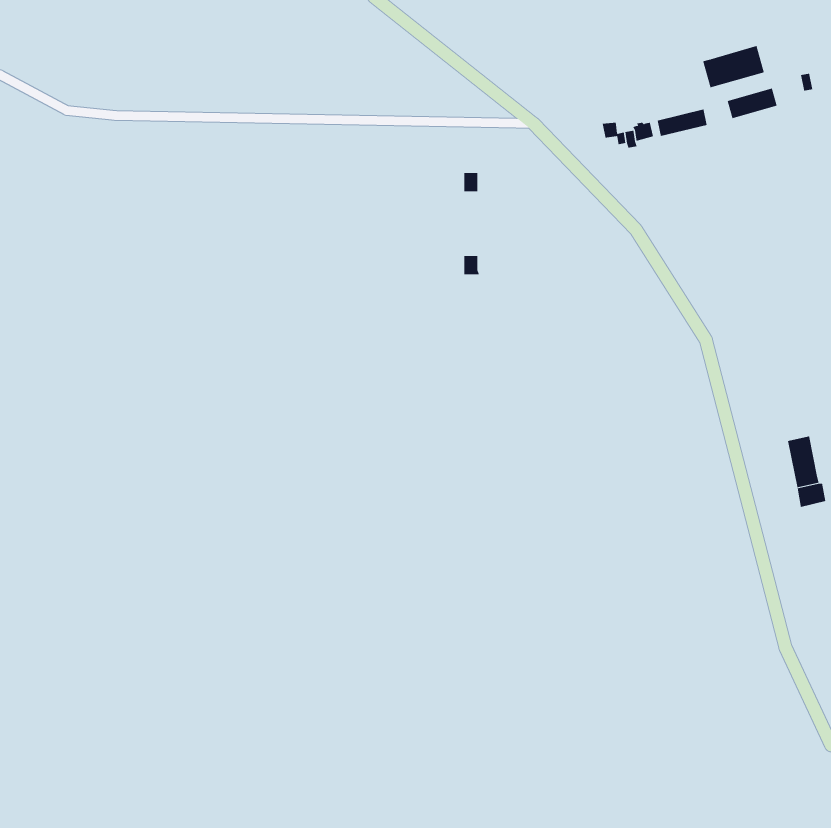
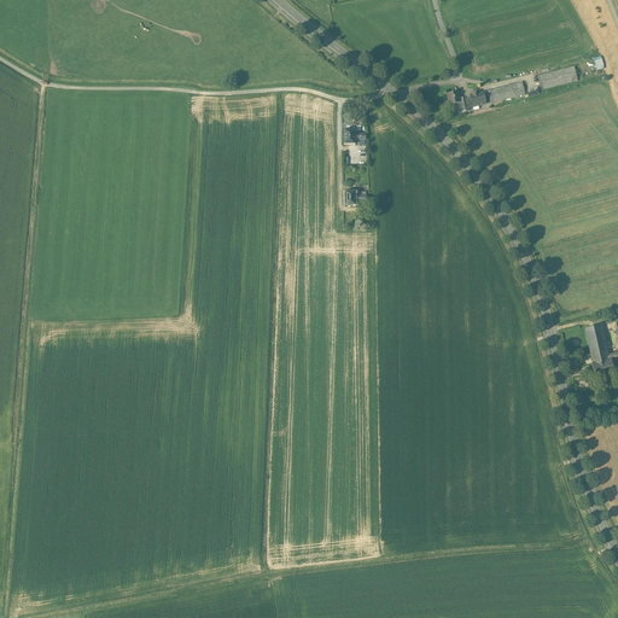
building: [703,45,765,88] -> none

